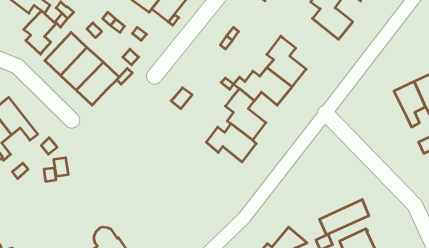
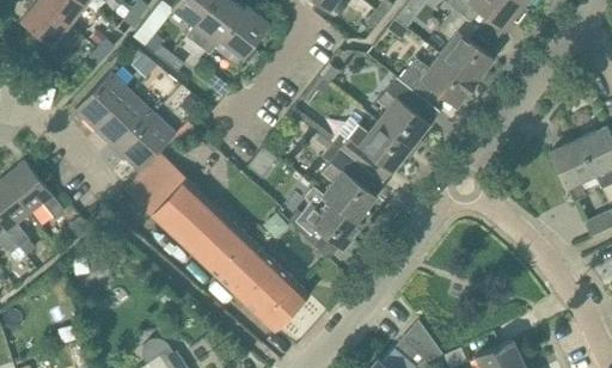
building: [24,11,56,54] -> none
building: none -> [398,54,475,106]
building: none -> [133,161,310,332]
building: [319,199,369,235] -> none

